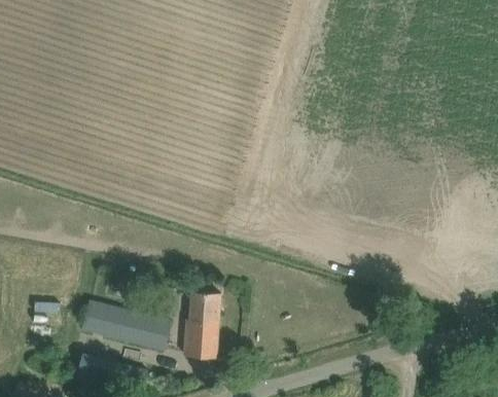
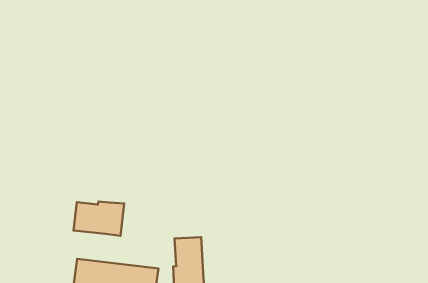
building: none -> [74,201,124,236]

